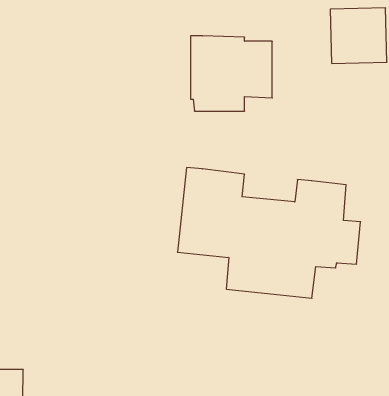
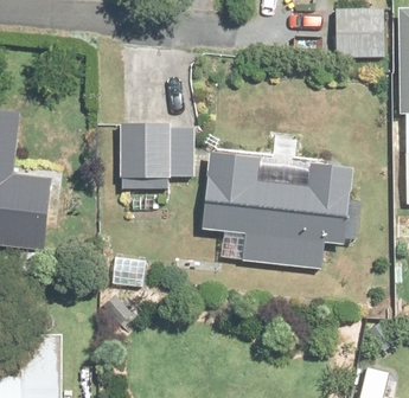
building: [191,36,272,111] -> [121,121,194,188]

